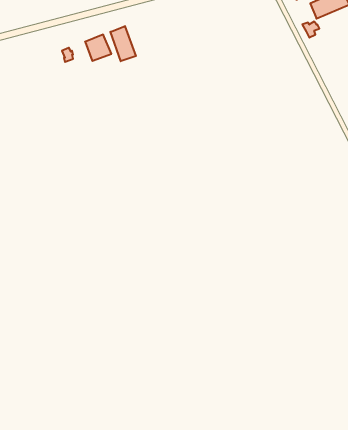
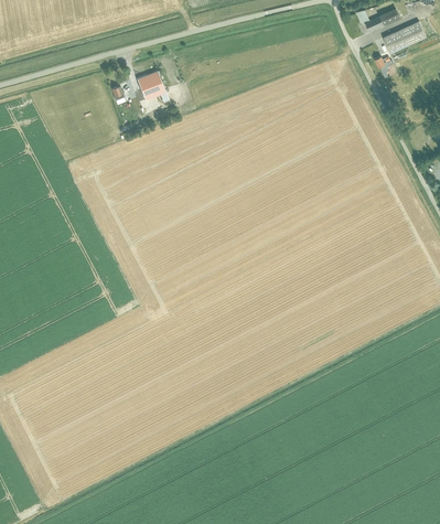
building: [110,26,136,61] -> none

